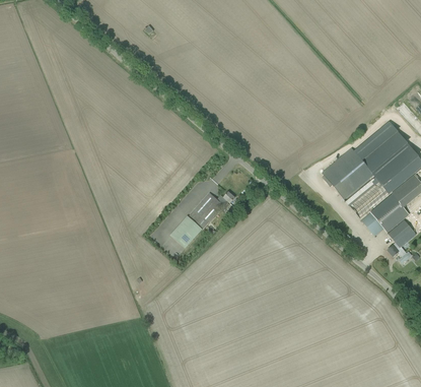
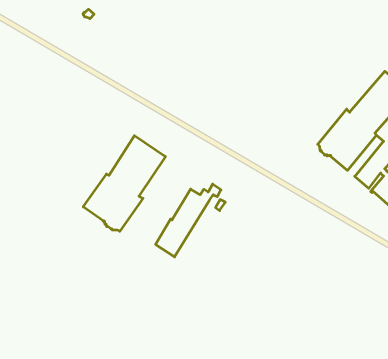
building: none -> [83,136,165,231]

